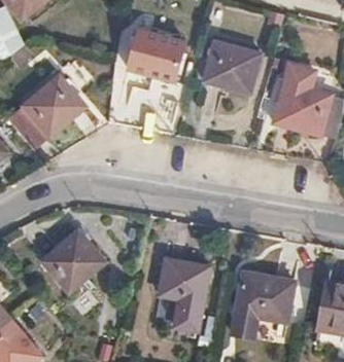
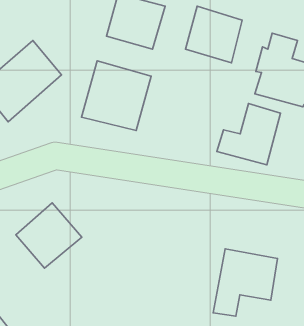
building: none -> [82,61,151,131]
building: none -> [217,103,281,165]
building: [158,260,207,329] -> none

